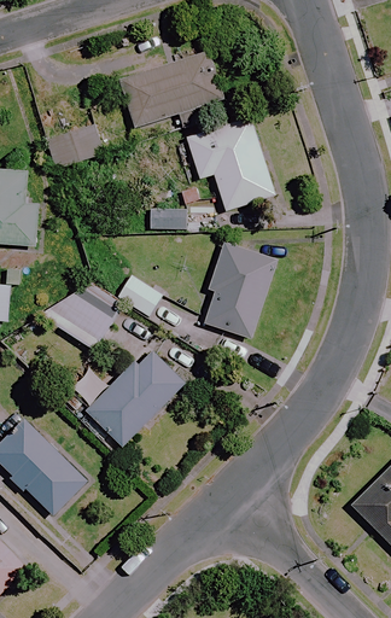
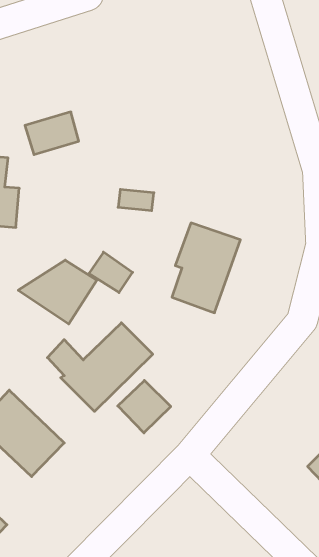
building: [118,49,223,127] -> none
building: [185,116,275,210] -> none
building: none -> [118,380,171,433]

